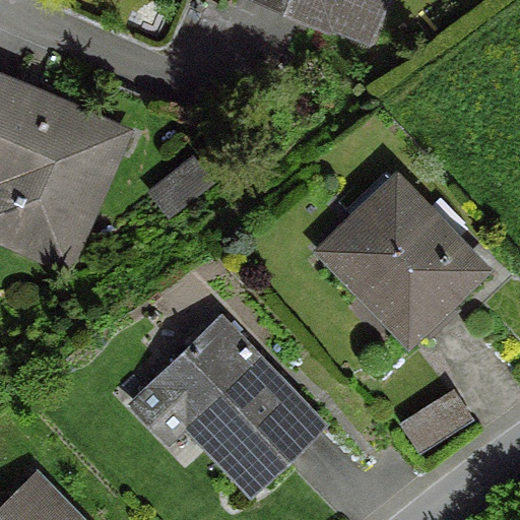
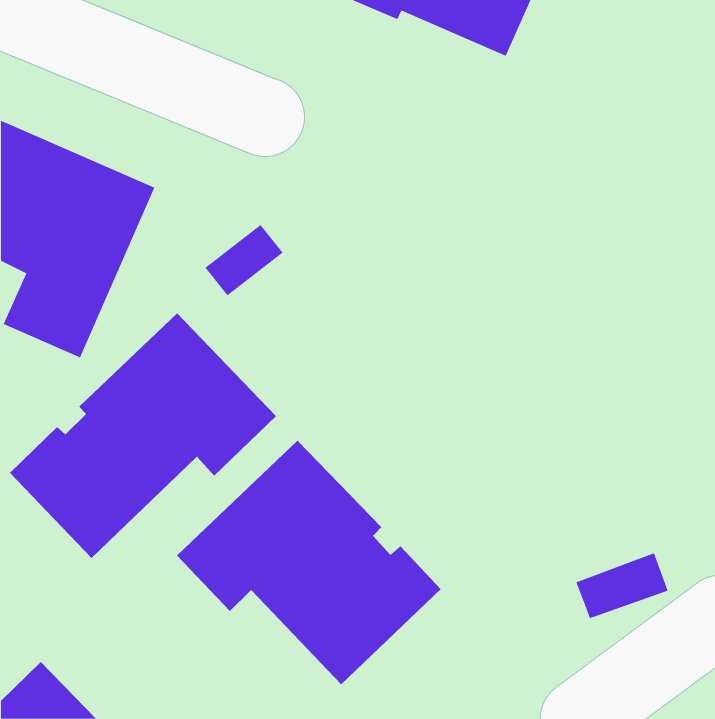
building: [323,181,480,330] -> none
building: none -> [9,313,277,559]

